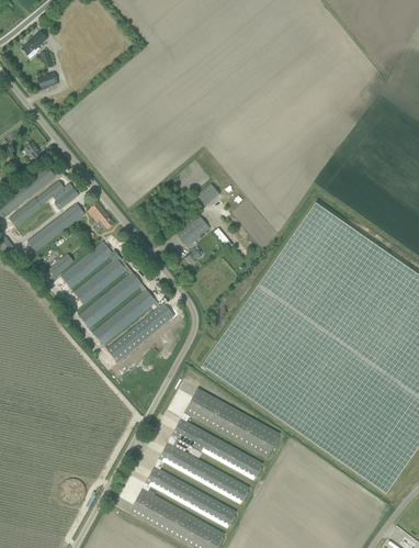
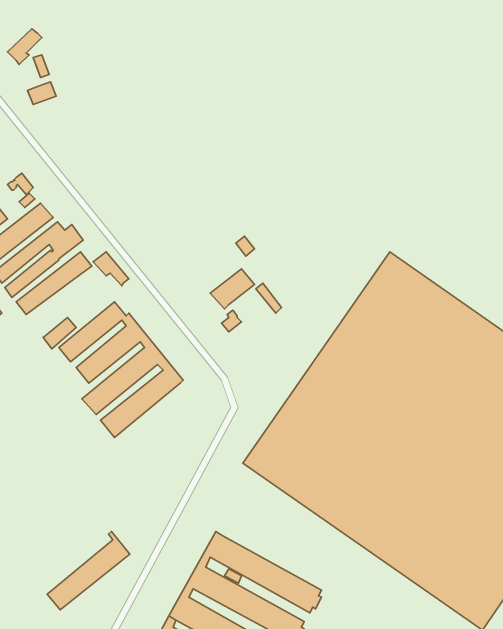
building: [107,301,171,361] -> [47,531,130,610]
building: [182,388,281,459] -> none

